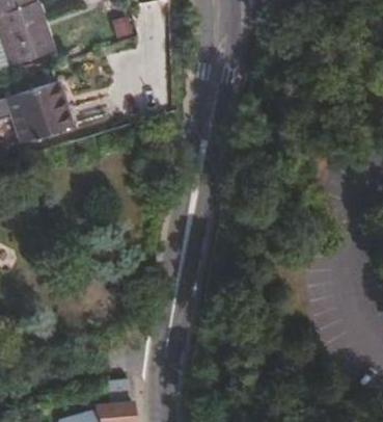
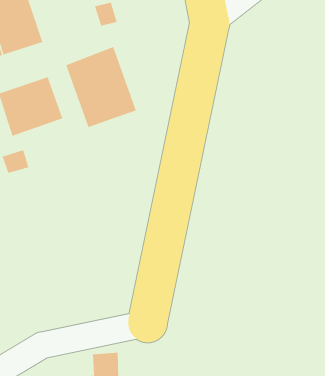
building: none -> [65,46,136,128]

